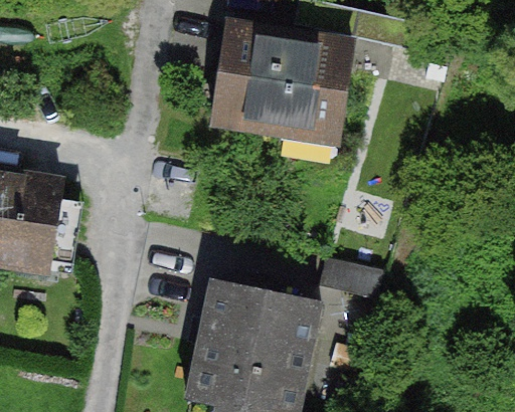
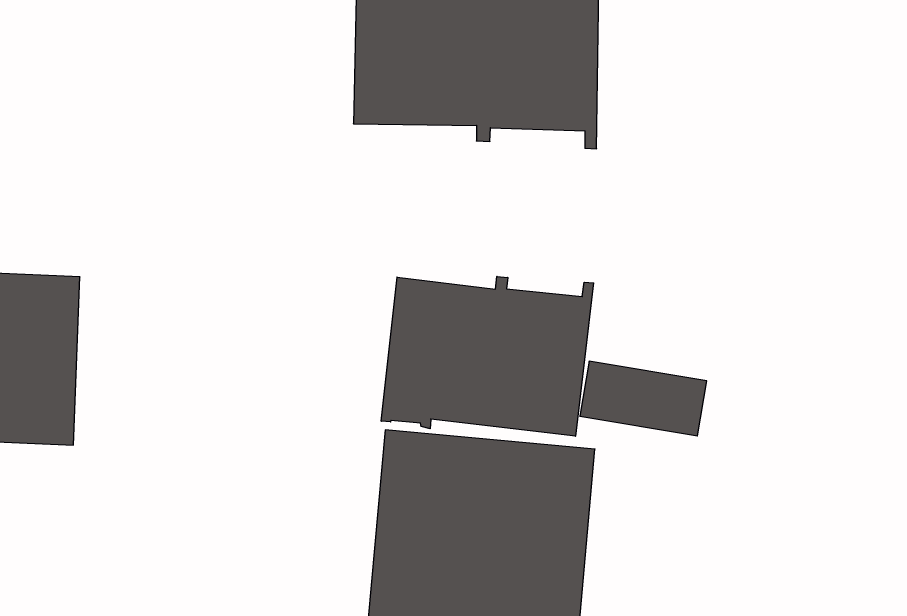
building: none -> [381,276,594,436]

